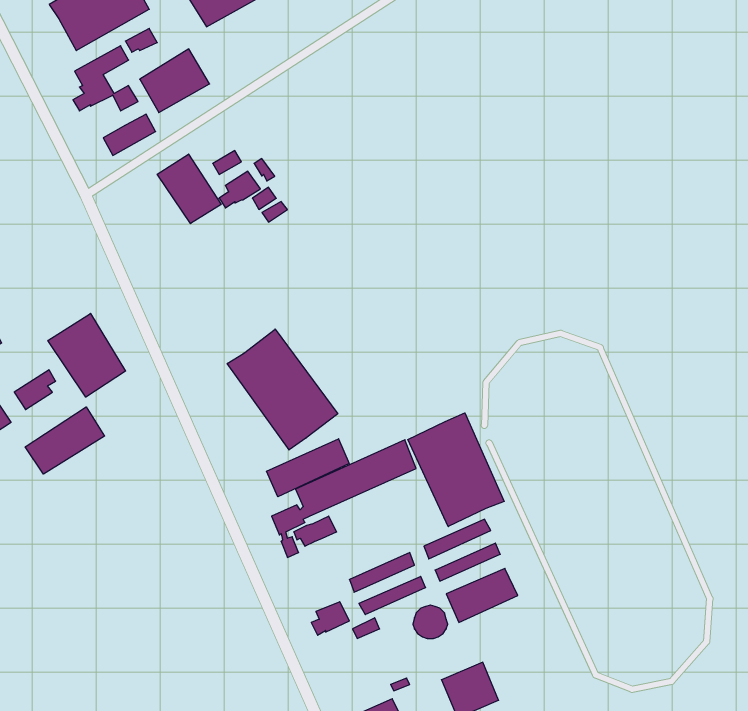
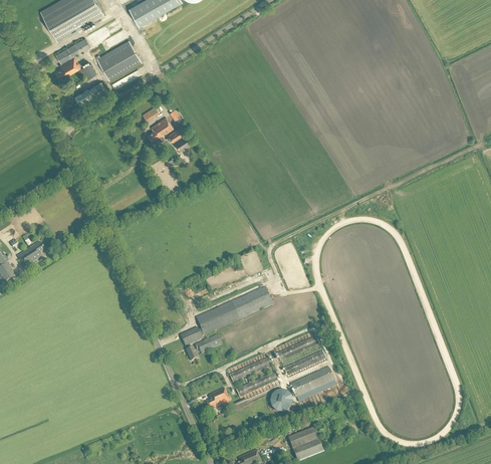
building: [157,154,221,224] -> none
building: [48,313,126,397] -> none
building: [227,329,338,450] -> none
building: [25,407,105,474] -> none
building: [408,413,504,527] -> none
building: [266,439,349,497] -> none

